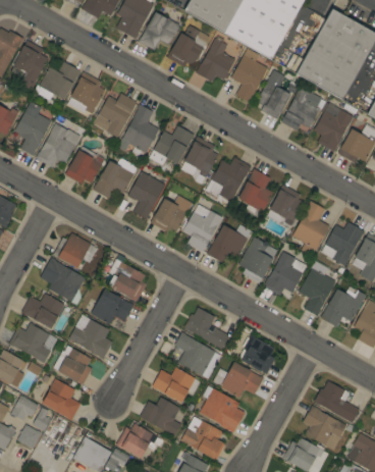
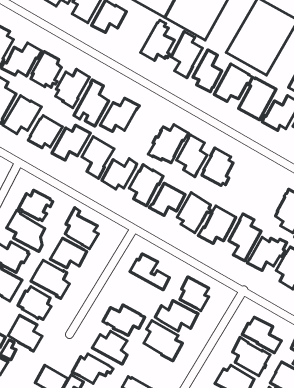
building: [167,25,210,67] -> none
building: [181,137,218,185] -> none
building: [291,201,329,255] -> none
building: [321,222,365,266] -> none
building: [174,332,221,379] -> none
building: [180,417,225,460] -> none

